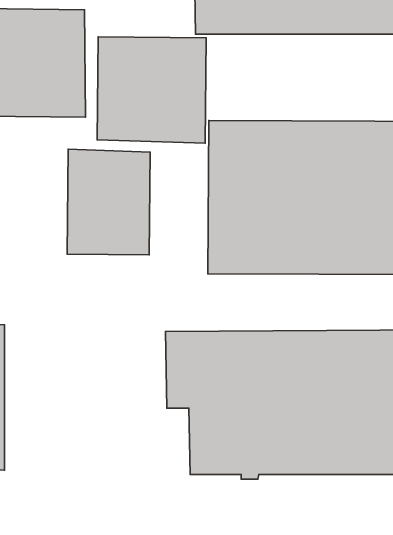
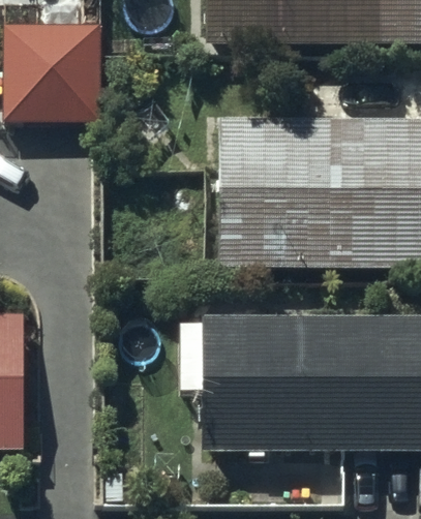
building: [97,37,206,143] -> none
building: [67,149,150,255] -> none

